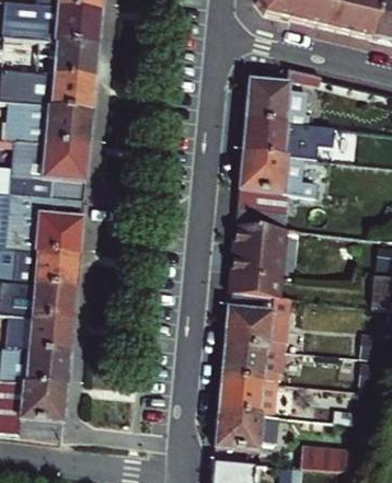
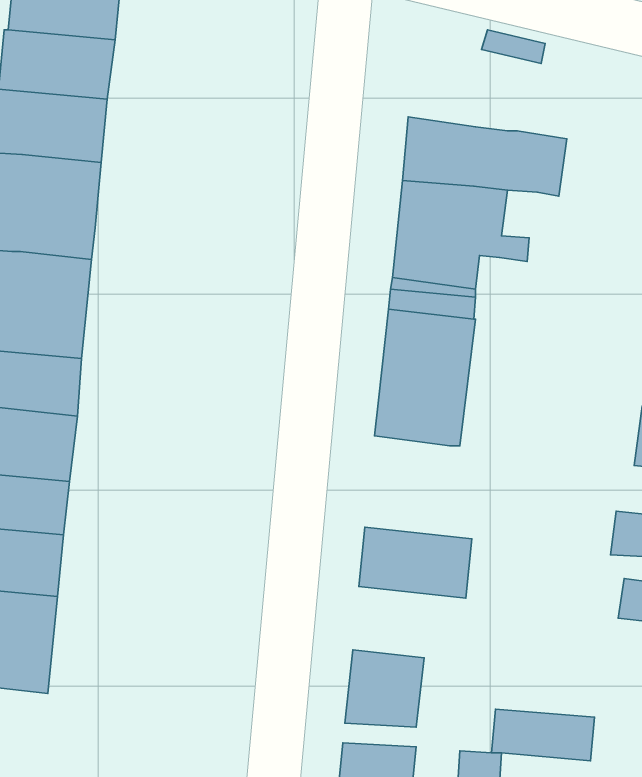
building: [253,78,315,123] -> none
building: [229,291,296,348] -> none
building: [222,375,285,415] -> none

